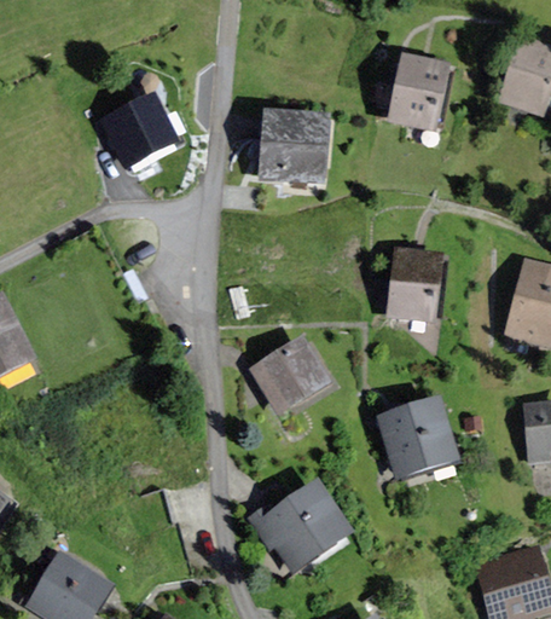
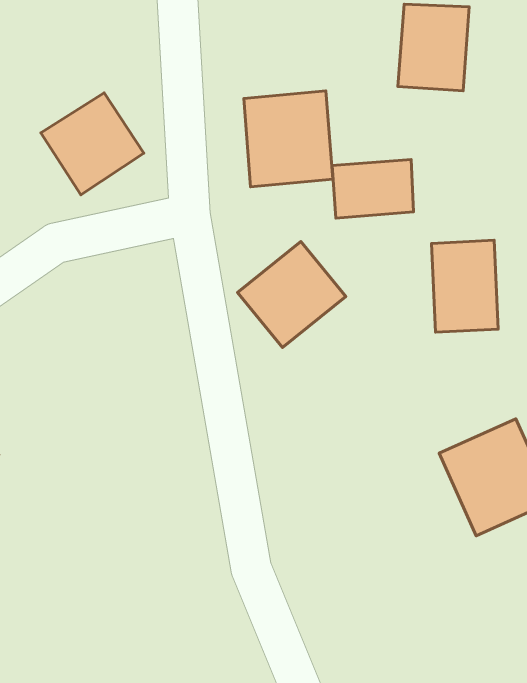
building: none -> [332,160,413,218]
building: [246,334,331,415] -> [237,242,346,347]
building: [244,475,355,575] -> none

